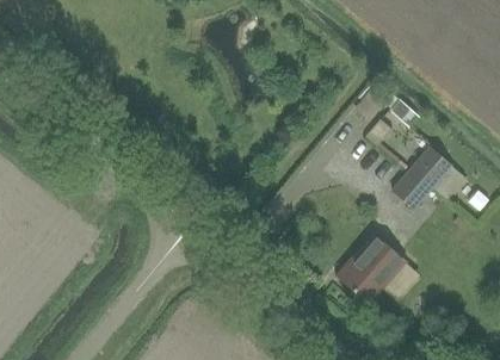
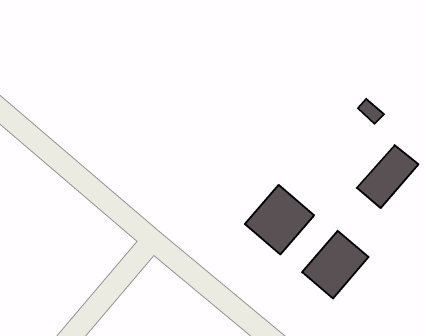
building: none -> [245,185,314,254]

